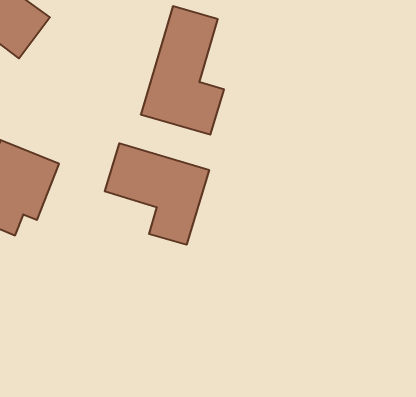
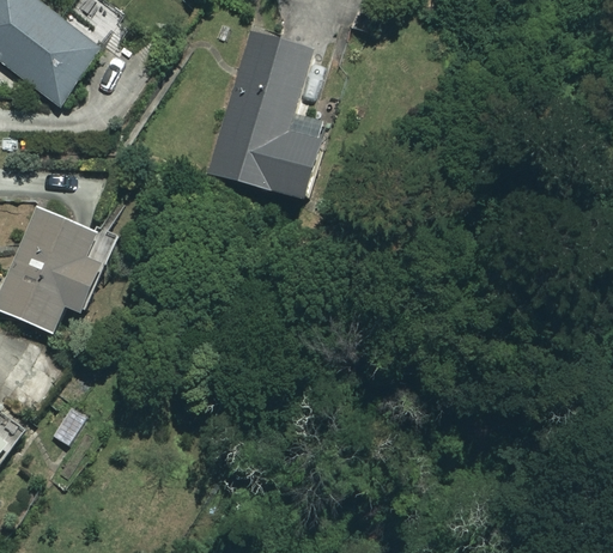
building: [105,143,209,245] -> none

